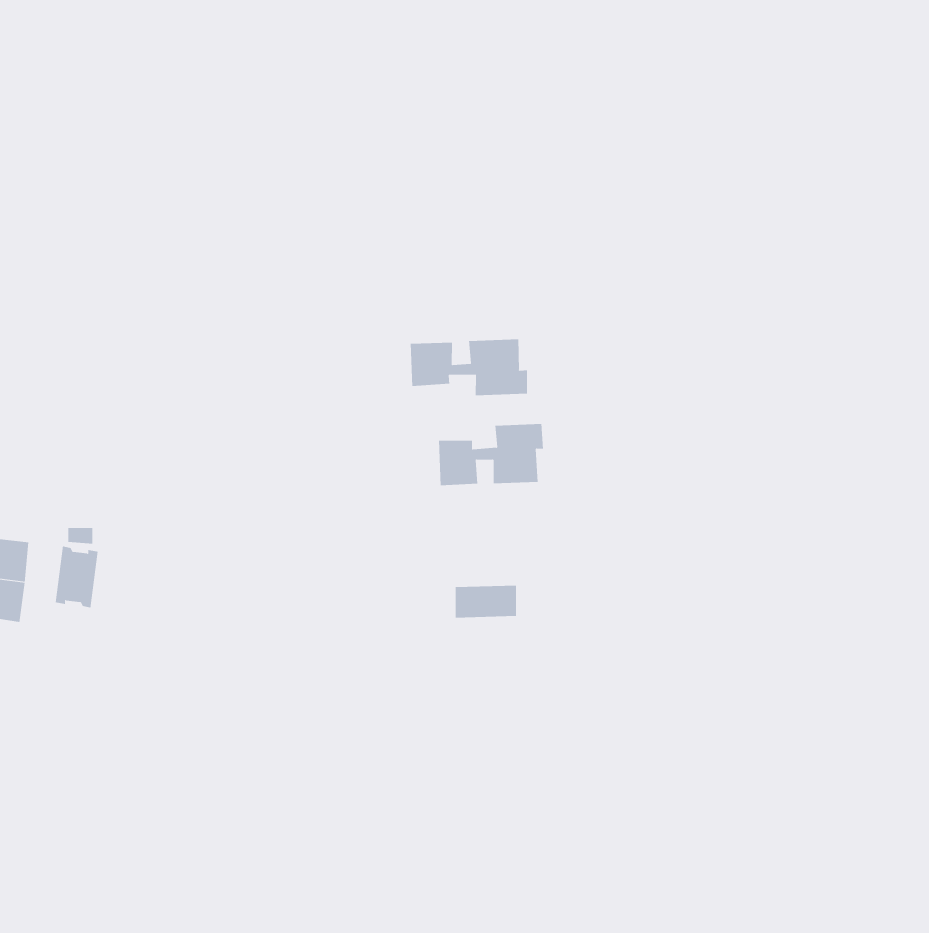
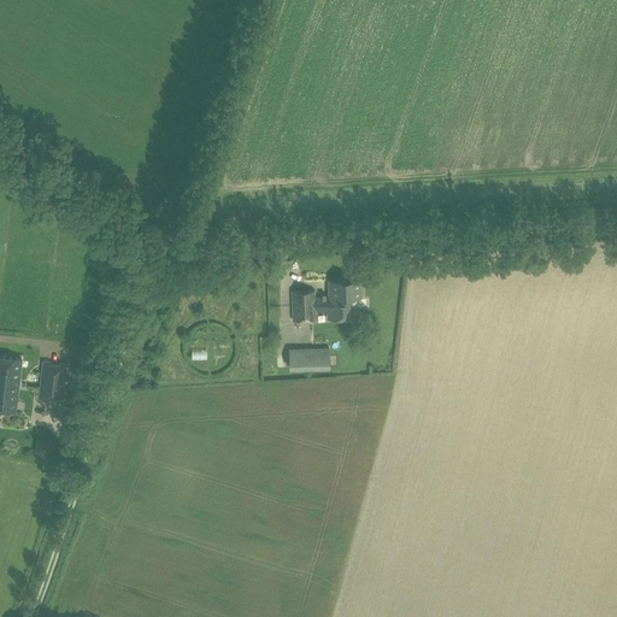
building: [410,339,528,396] -> none
building: [455,585,517,618] -> [287,347,328,369]

